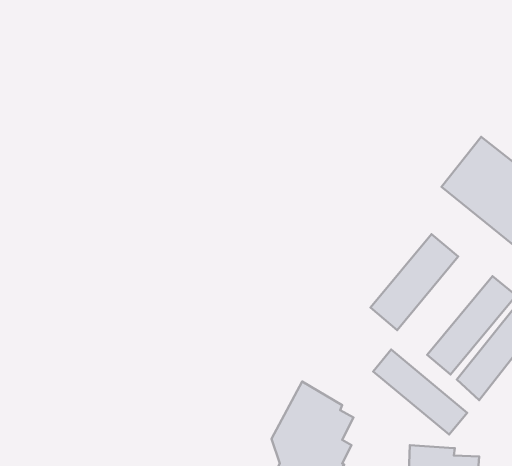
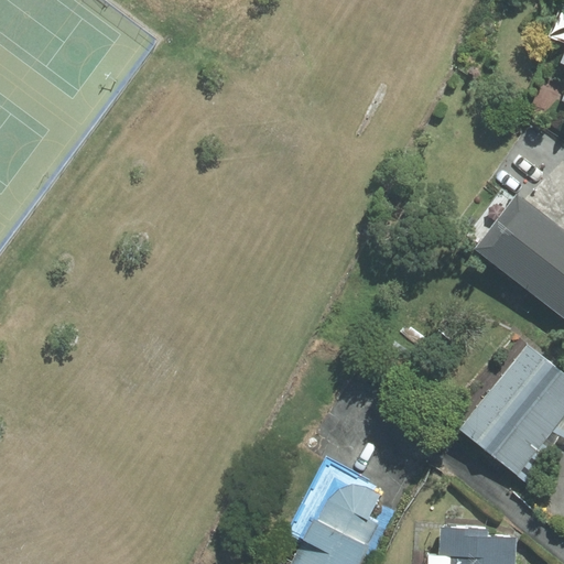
building: [370,234,458,330] -> none
building: [373,350,467,435] -> none

